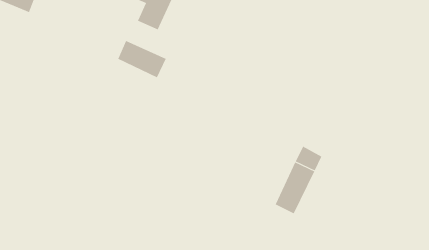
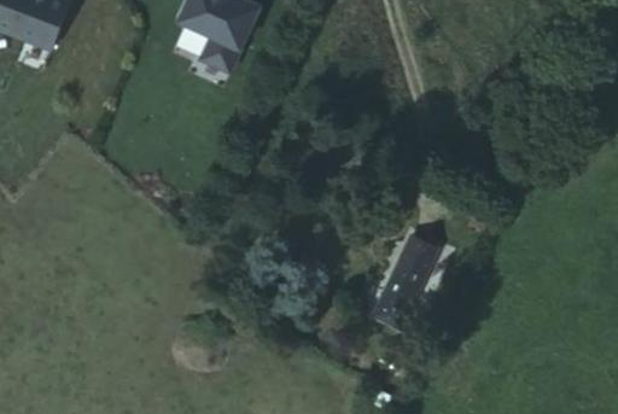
building: [117,40,166,78] -> none

